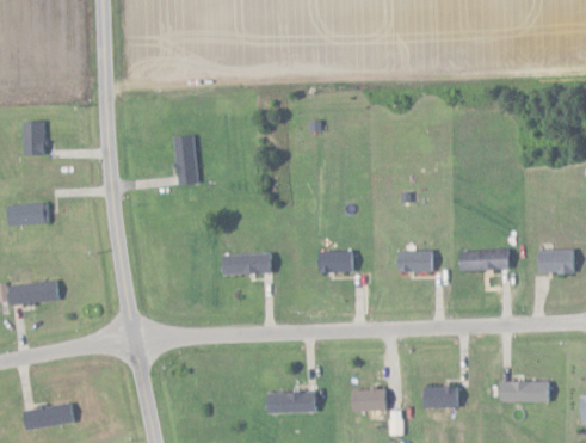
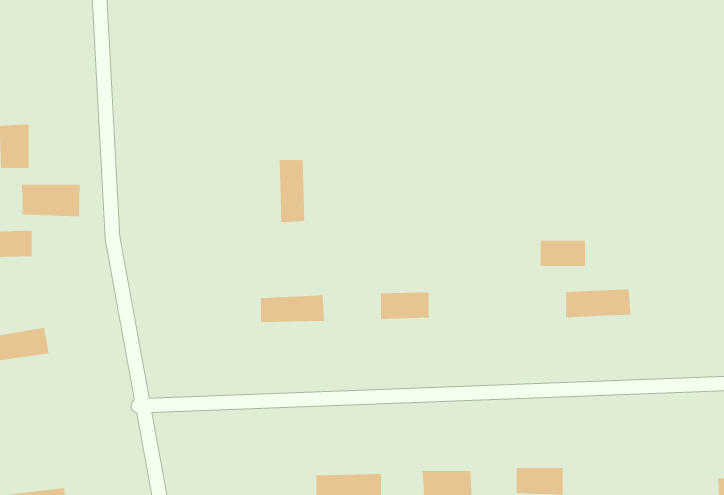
building: [175,136,196,185] -> [279,160,305,223]
building: none -> [21,184,80,217]
building: [535,248,575,273] -> none
building: [397,251,433,271] -> [540,240,586,266]
building: [500,380,550,402] -> none

